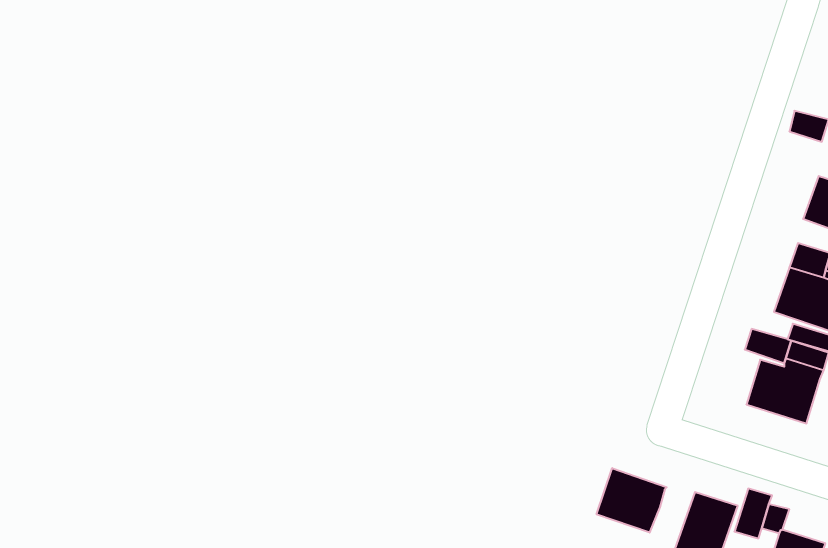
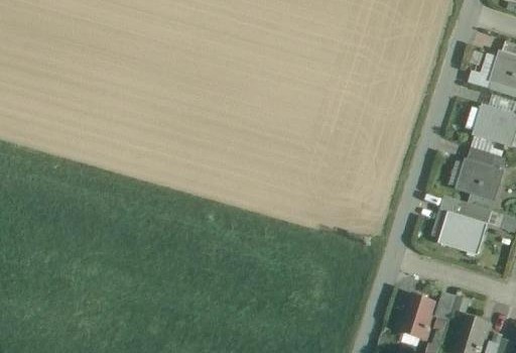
building: [597,468,667,533] -> none

